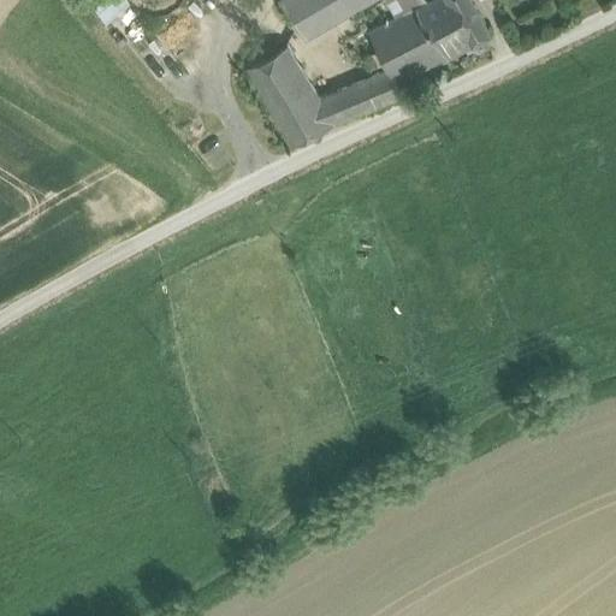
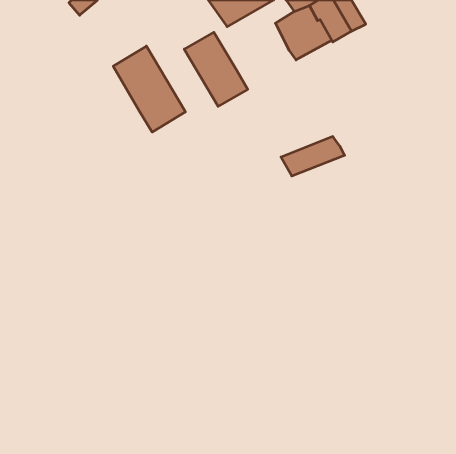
building: none -> [113,46,185,132]
building: [319,71,404,124] -> [281,137,345,176]

